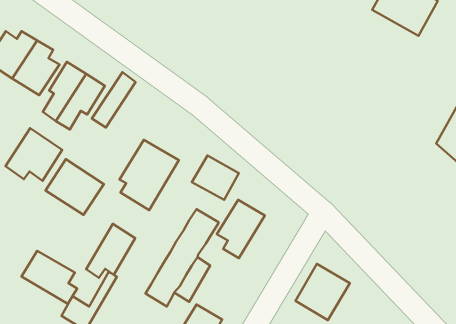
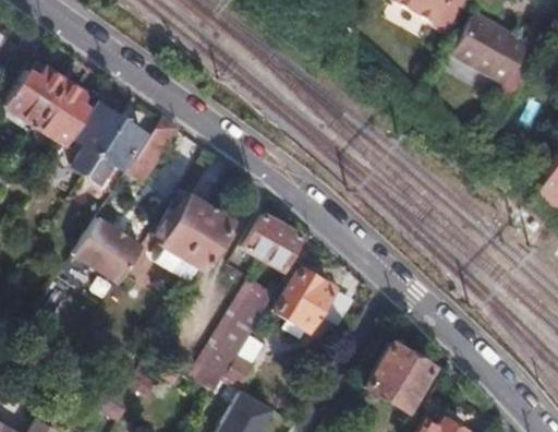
building: [5,128,62,181] -> none
building: [86,224,135,278] -> none
building: [21,251,77,304] -> none

